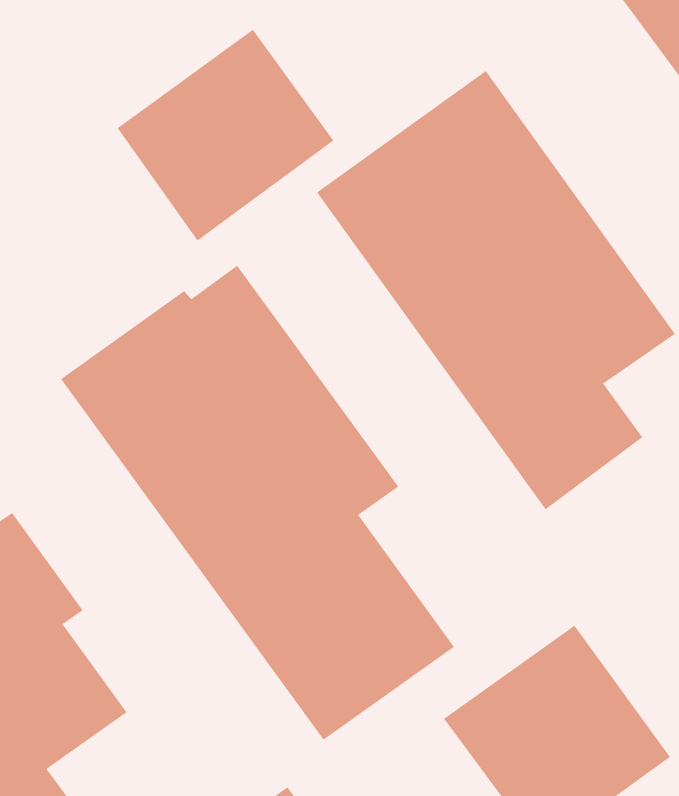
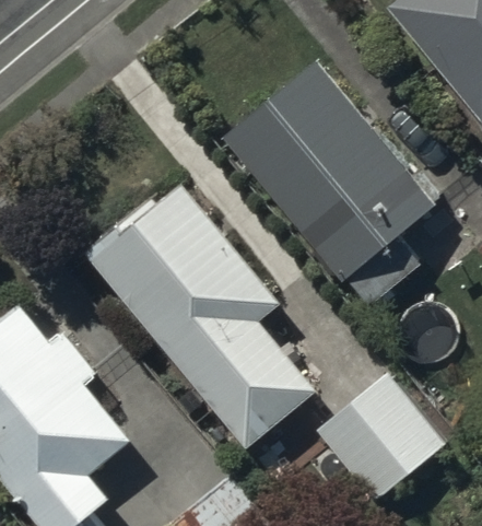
building: [117,29,334,241] -> none

